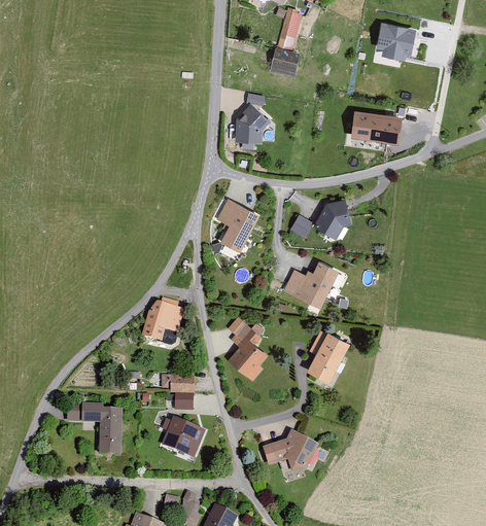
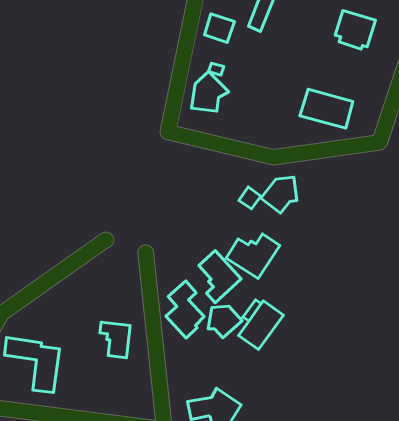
building: [271,49,301,77] -> [204,14,235,42]
building: [216,199,259,252] -> none
building: none -> [199,250,241,303]
building: [142,296,185,342] -> none
building: none -> [208,306,242,338]
building: [163,419,205,459] -> none

